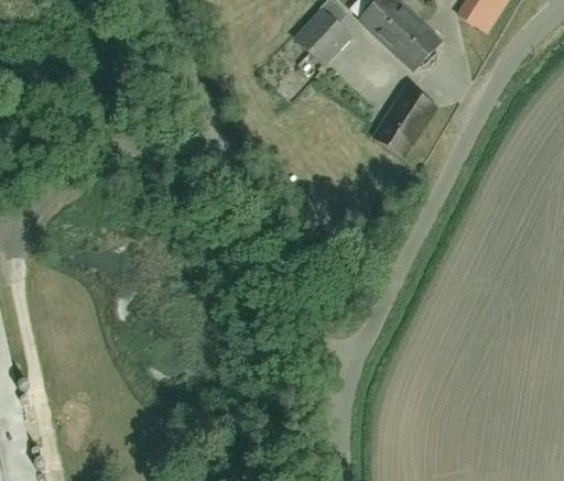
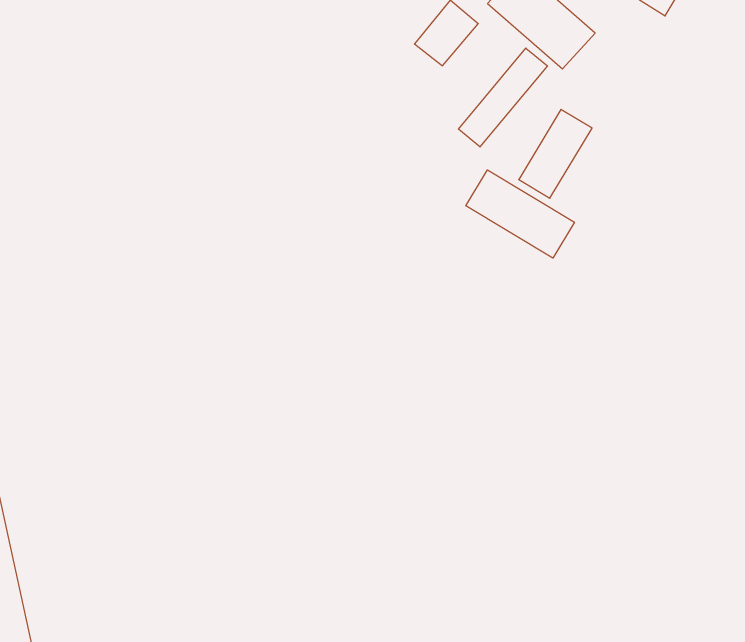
building: none -> [458,48,547,147]
building: none -> [466,170,574,258]

